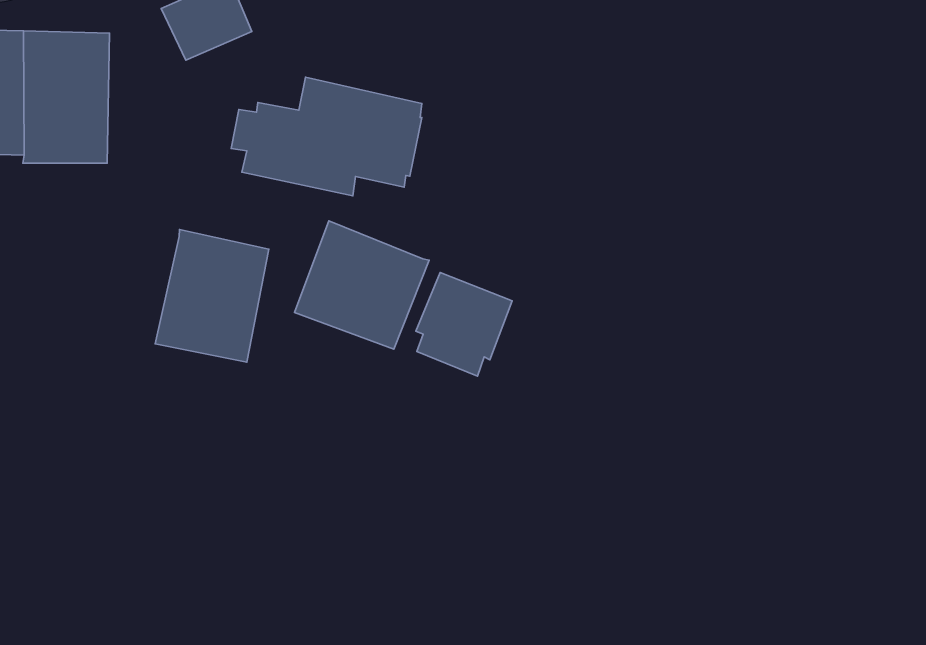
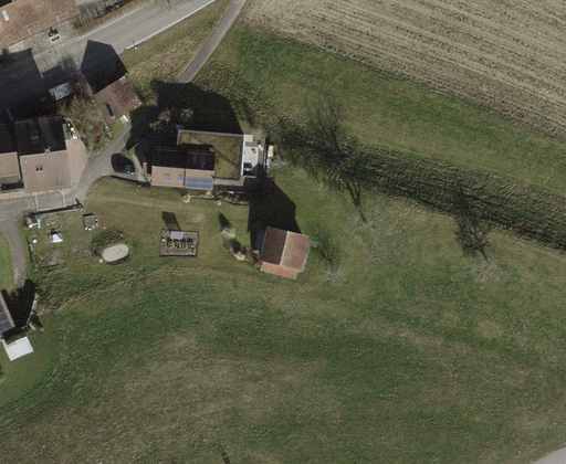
building: [294,221,429,349] -> none
building: [155,230,269,362] -> none

